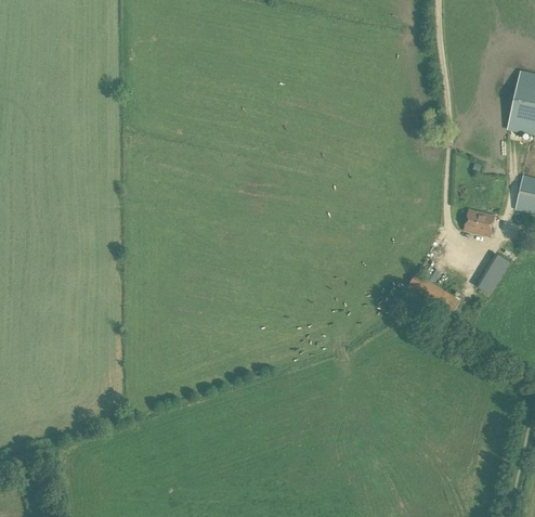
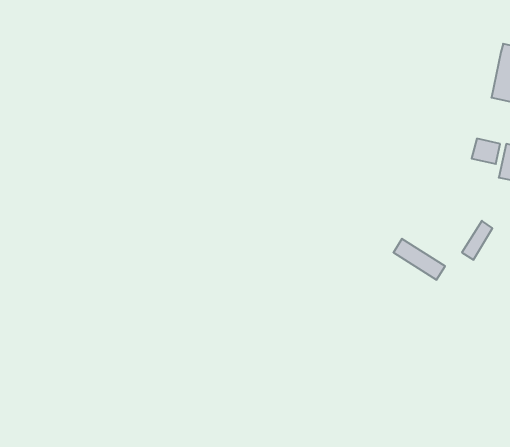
building: [465,210,494,236] -> [472,139,500,164]

